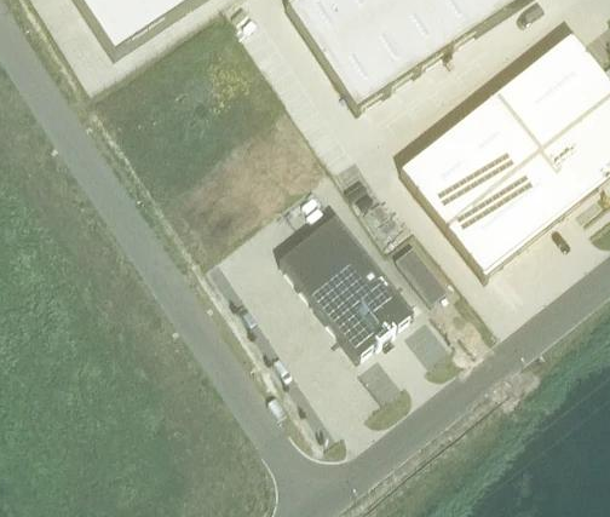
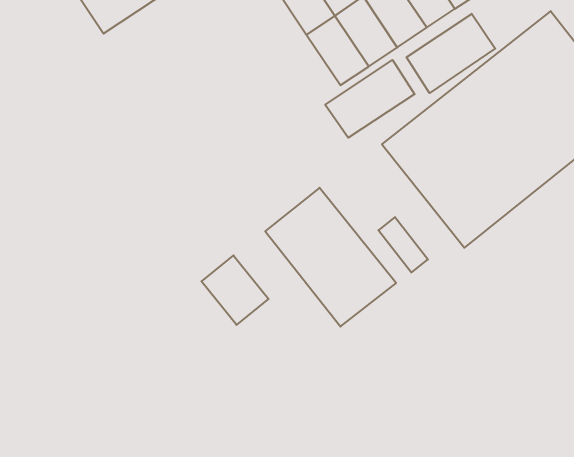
building: none -> [407,14,495,93]
building: none -> [325,60,415,138]
building: none -> [201,255,269,325]

